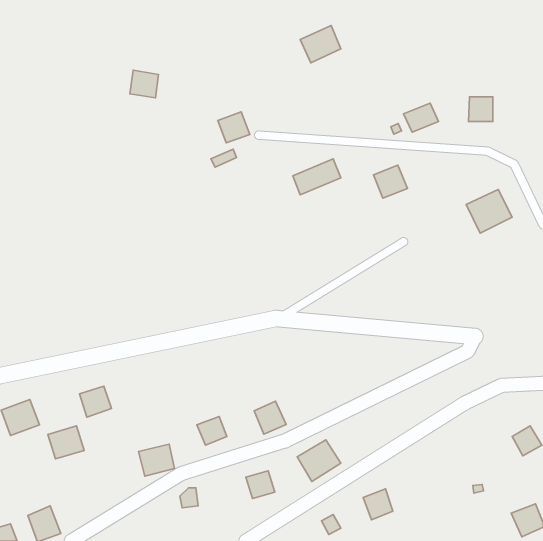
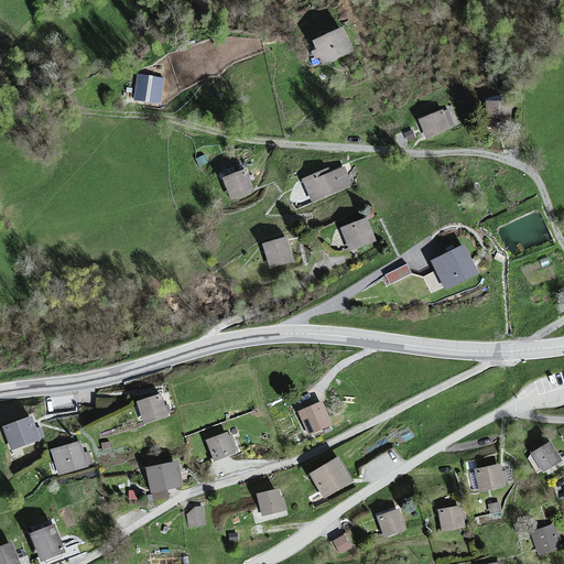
building: [218,112,250,143] -> [223,167,256,199]
building: [373,165,407,198] -> [340,217,376,251]
building: [466,190,512,233] -> [430,245,477,290]
building: none -> [262,236,294,267]
building: [79,386,111,417] -> [134,393,167,425]
building: [254,401,286,434] -> [297,399,330,433]
building: none -> [474,460,505,491]
building: none -> [437,503,465,531]

